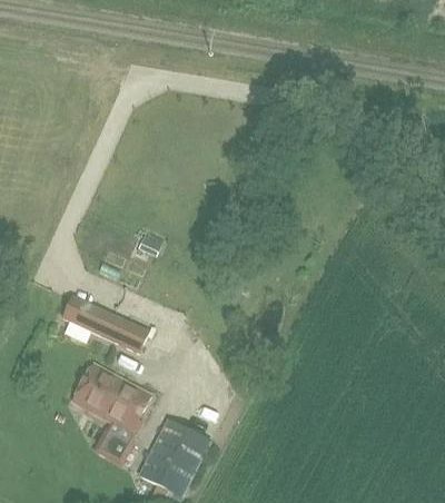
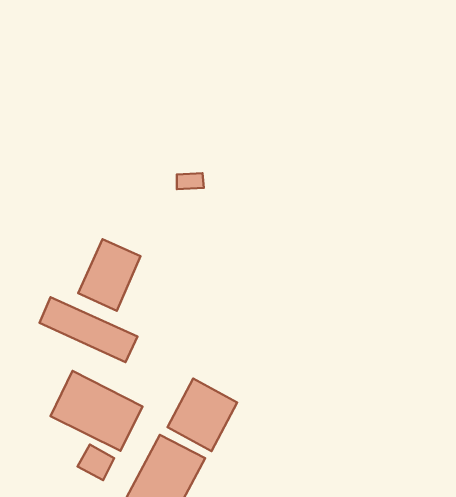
building: none -> [78,239,140,311]
building: none -> [168,379,237,451]

